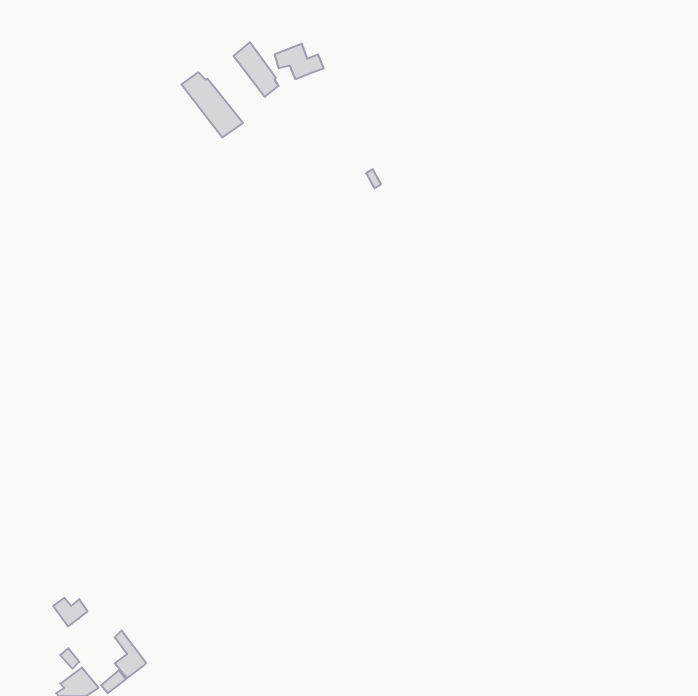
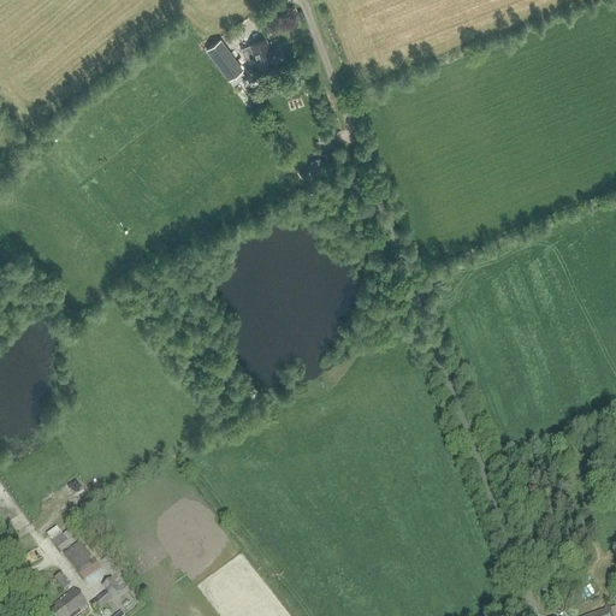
building: [181,72,243,138] -> none
building: none -> [64,541,105,587]

